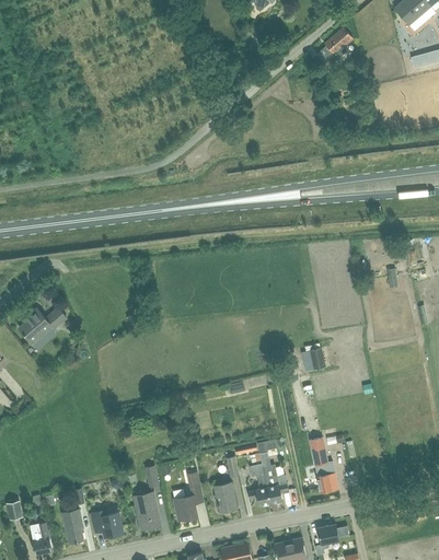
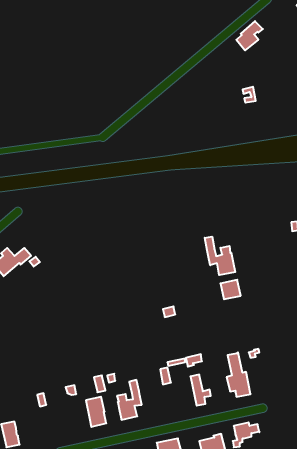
building: none -> [205,237,235,275]
building: [247,464,270,505] -> none
building: [212,482,236,512] -> none
building: [62,510,83,544] -> none
building: [91,511,123,537] -> none

